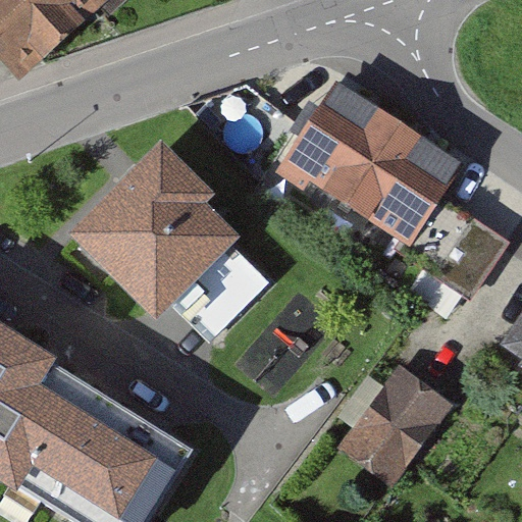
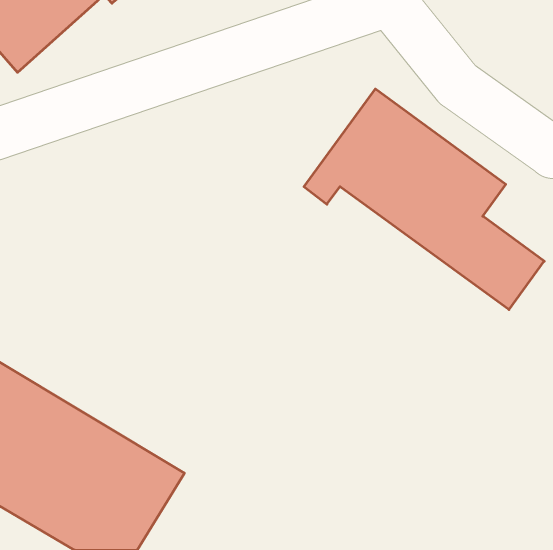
building: [70,155,232,316] -> none
building: [340,365,454,484] -> none

